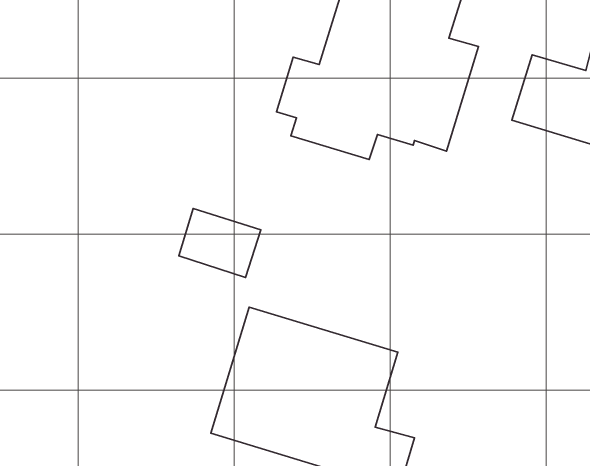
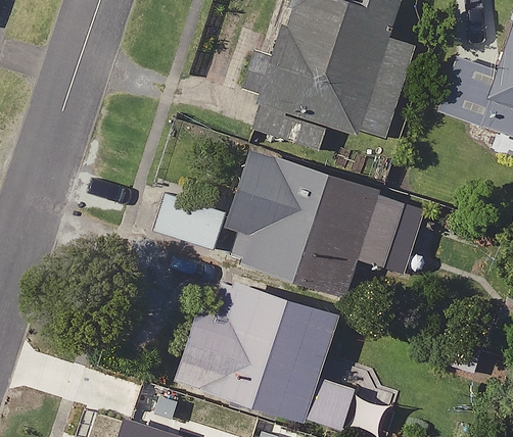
building: none -> [225,155,405,297]

